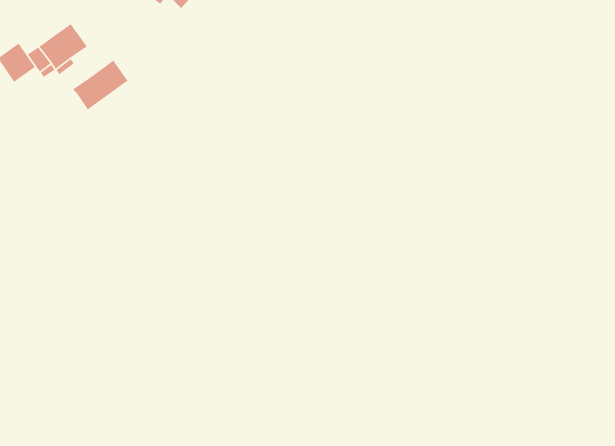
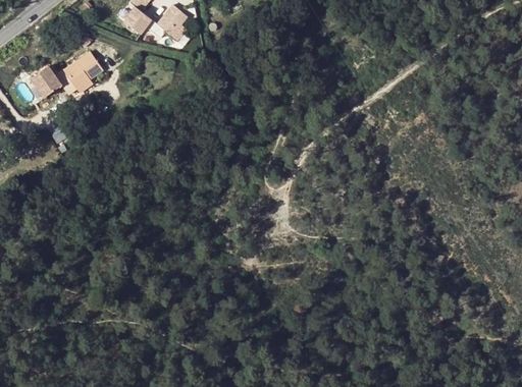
building: [72,60,129,110] -> none

